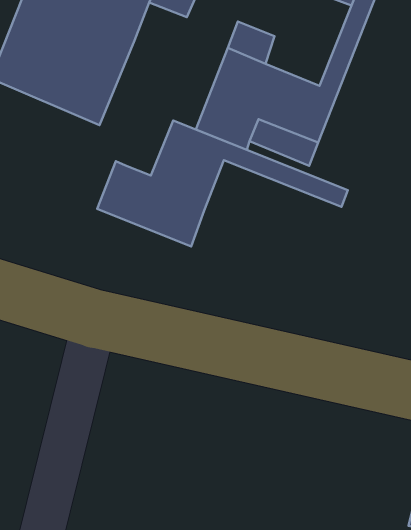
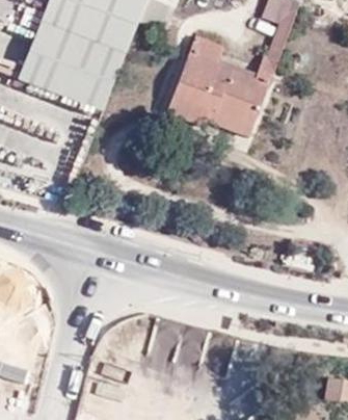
building: [97,120,348,246] -> none

